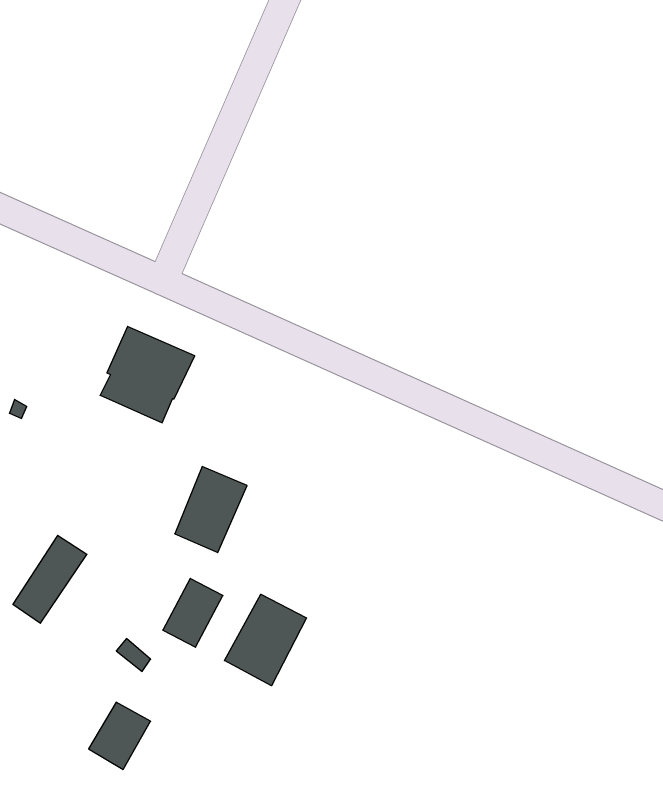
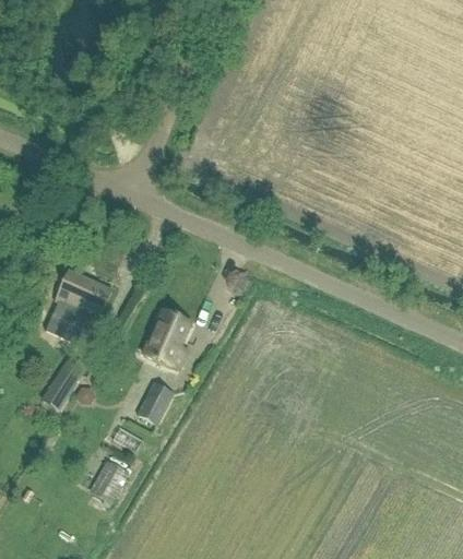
building: [100,326,195,423] -> [51,270,111,331]
building: [224,594,307,686] -> none

